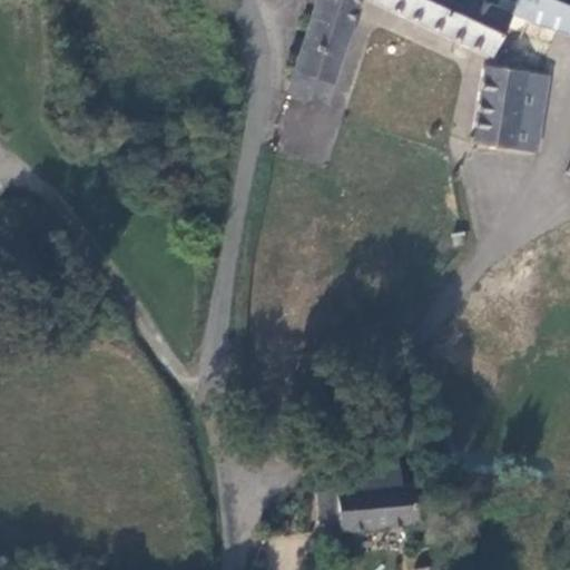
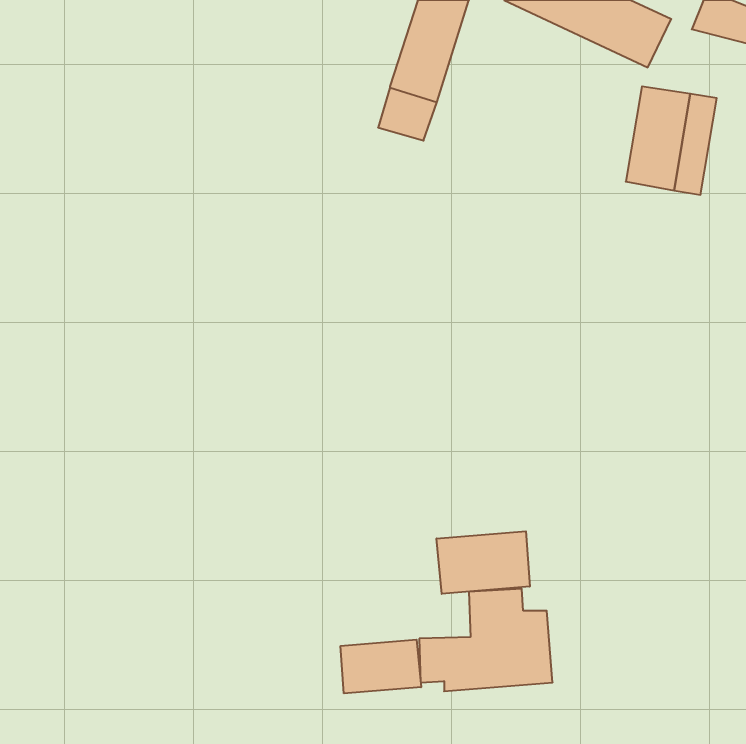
building: none -> [437,531,530,594]
building: none -> [341,640,421,693]

